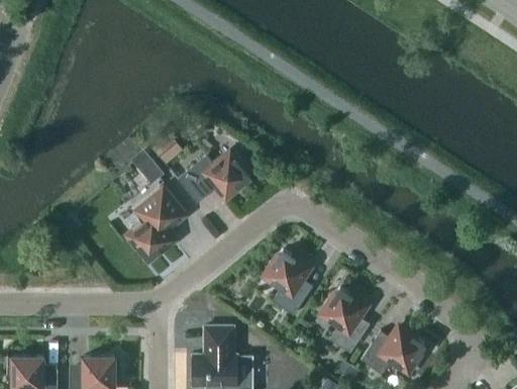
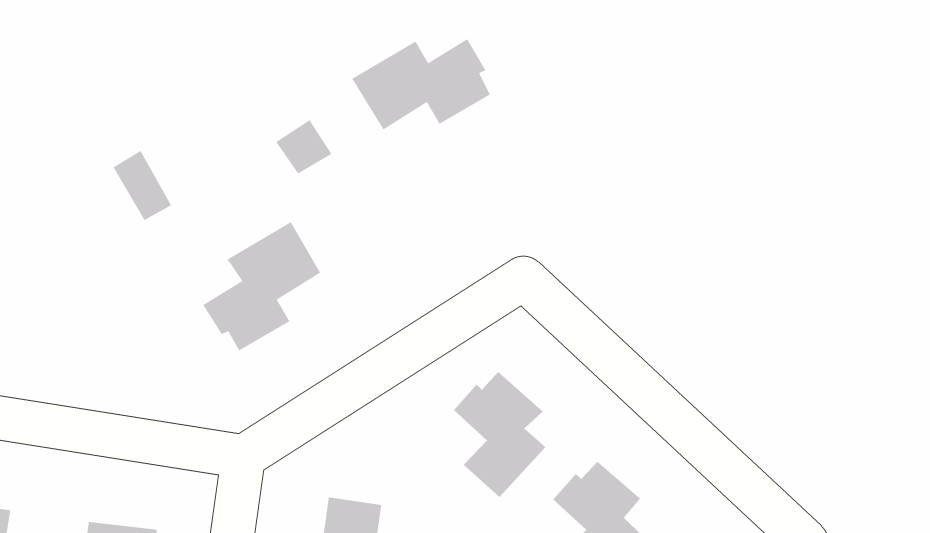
building: [130,148,164,184] -> [113,150,172,221]
building: [177,150,249,203] -> [351,38,491,131]

